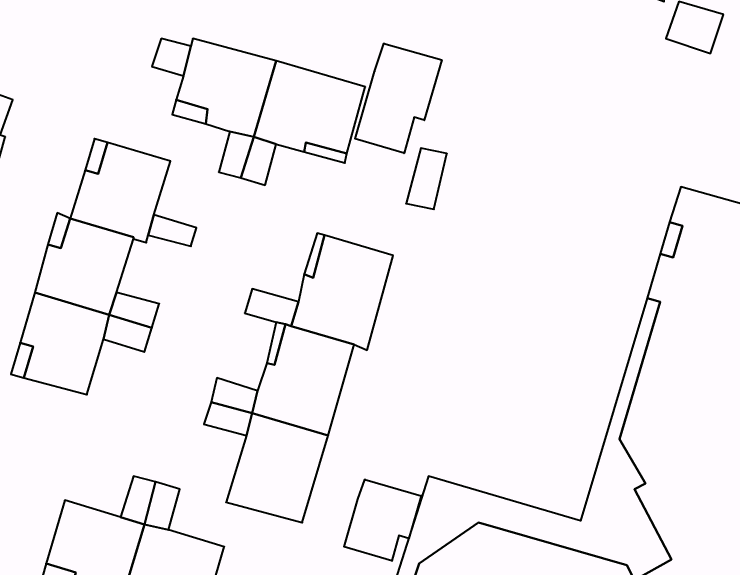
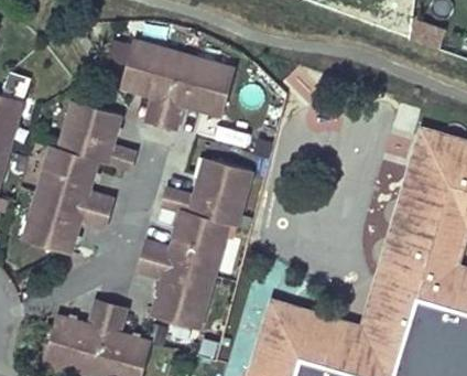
building: [355,43,442,153] -> none
building: [344,479,421,561] -> none

